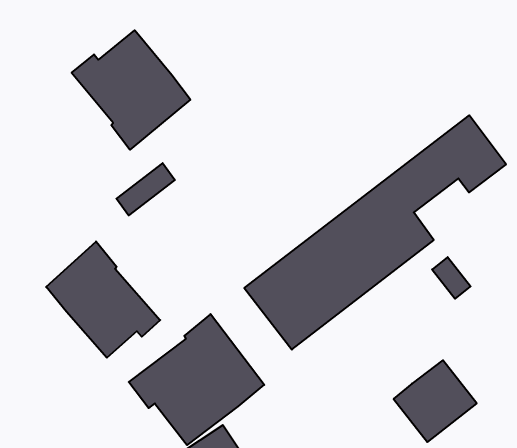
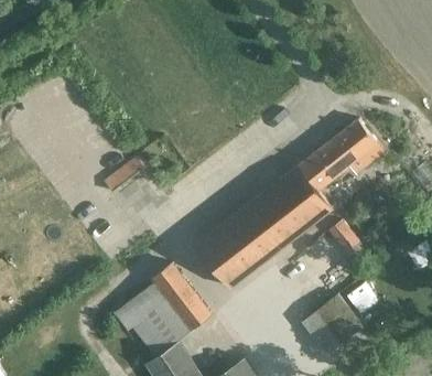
building: [72,30,190,150] -> none
building: [46,241,160,358] -> none

